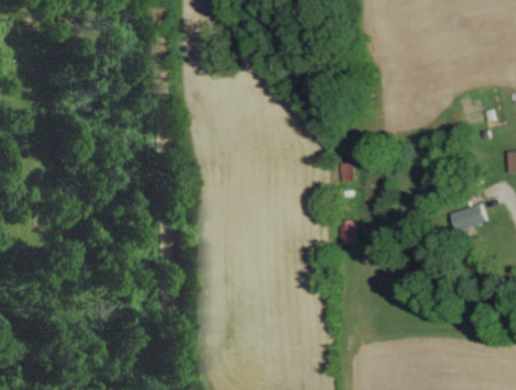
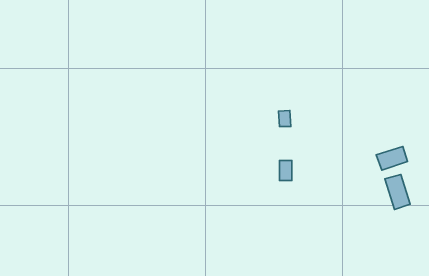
building: none -> [385,175,410,209]

